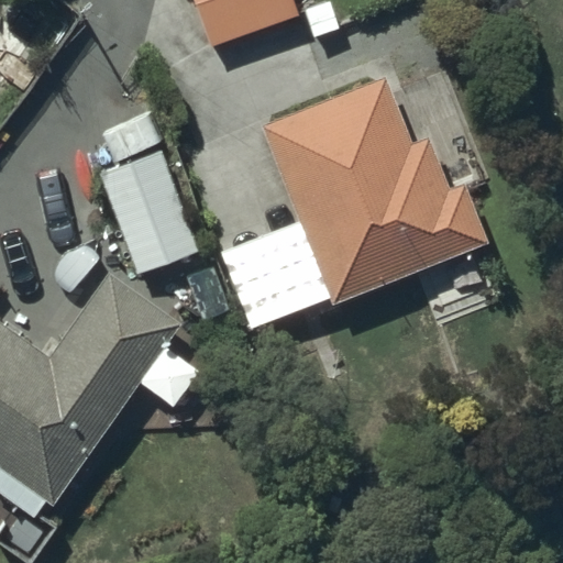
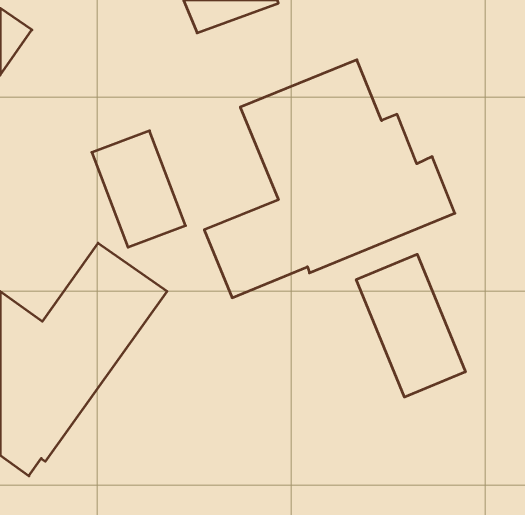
building: none -> [356,254,465,397]

